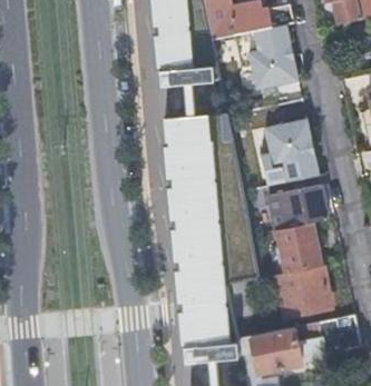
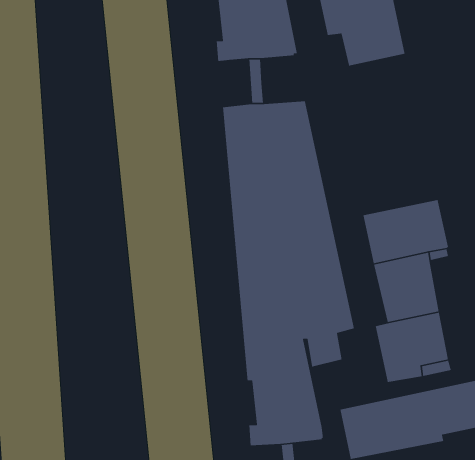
building: [257,118,315,186] -> none

